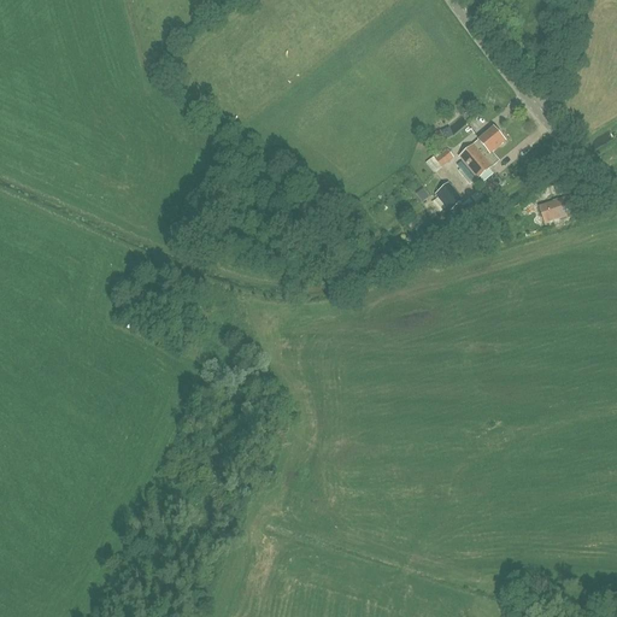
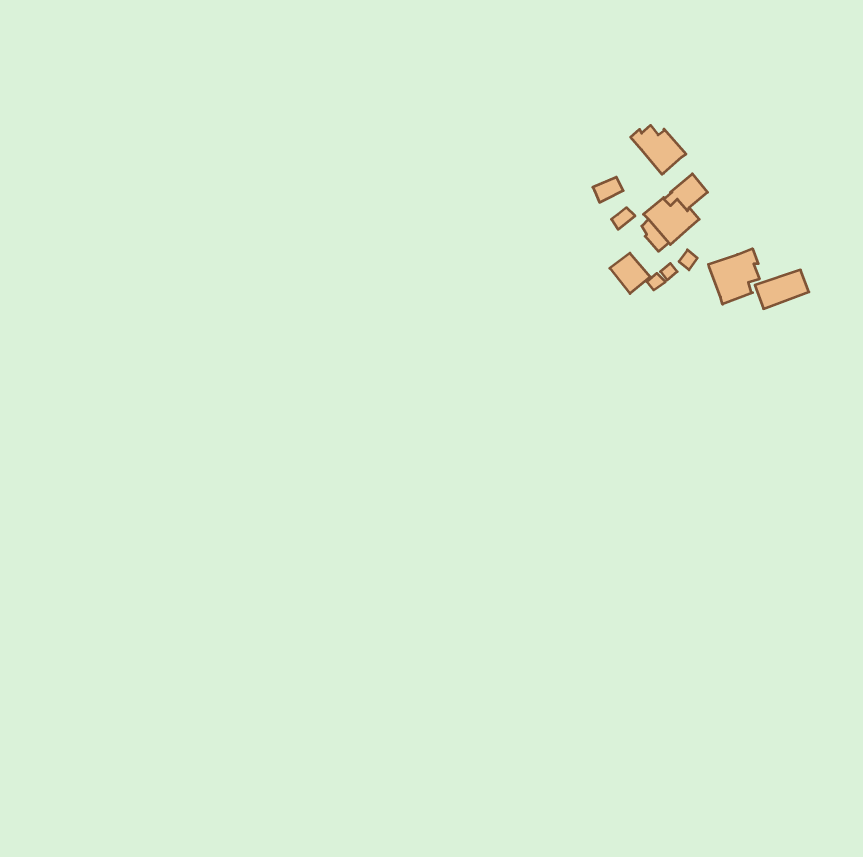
building: none -> [631,125,686,174]
building: none -> [708,249,759,304]

